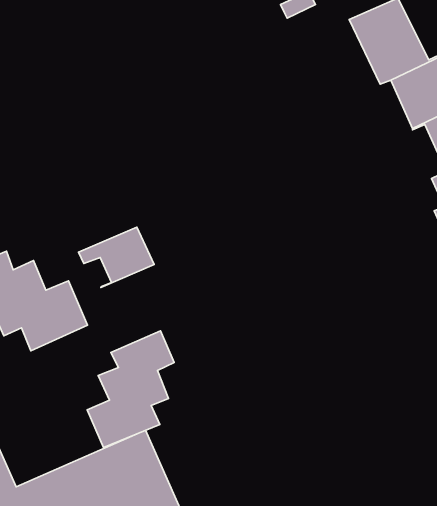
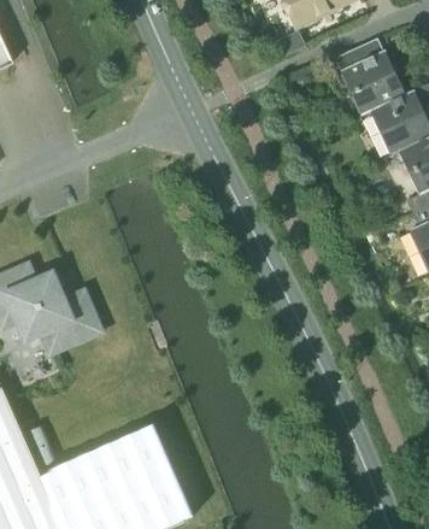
building: [79,227,154,287] -> none
building: [87,331,174,447] -> none

